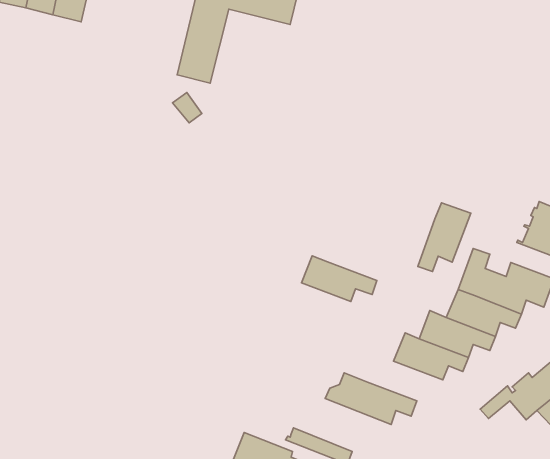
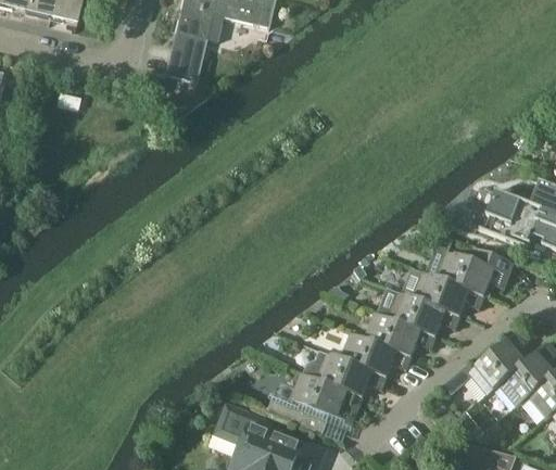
building: [418,203,471,271] -> none
building: [302,256,377,302] -> [341,333,410,376]
building: none -> [292,373,363,423]

